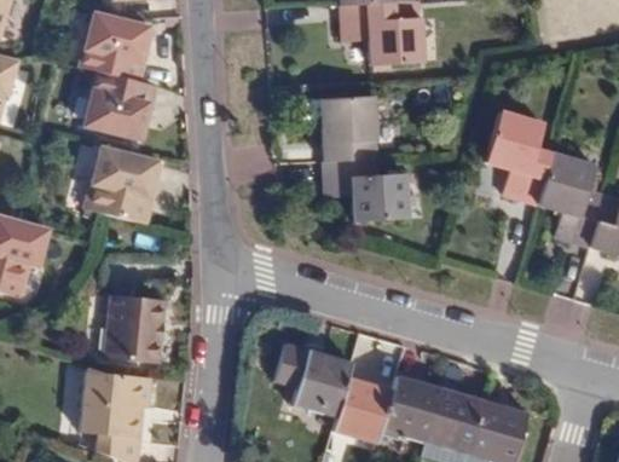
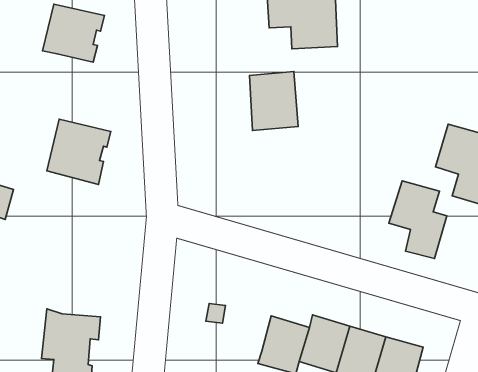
building: [83,71,156,140] -> none
building: [486,112,554,203] -> [389,181,447,258]
building: [325,156,409,221] -> none
building: [104,299,162,363] -> none
building: [290,351,352,418] -> none

